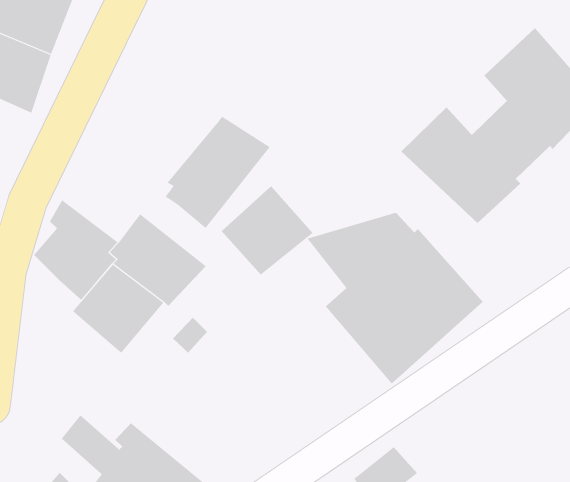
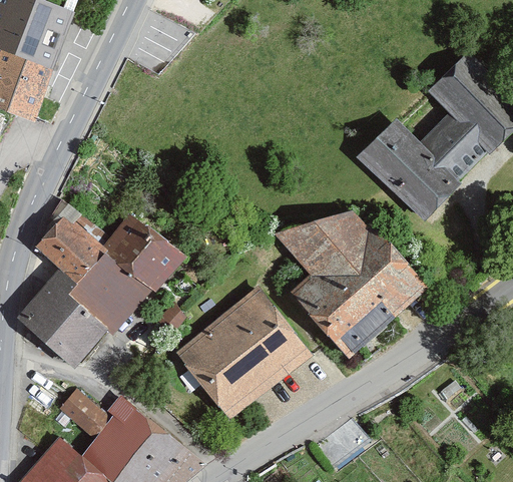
building: [165,116,271,229] -> none
building: [221,186,313,276] -> none
building: none -> [16,270,107,371]
building: none -> [175,285,312,420]

